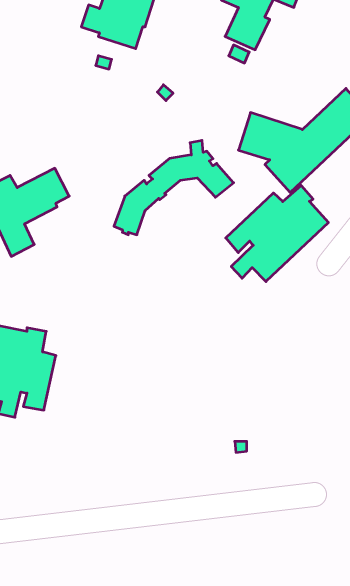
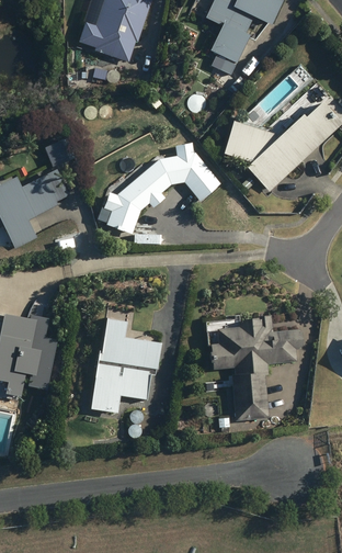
building: [226,185,328,282] -> none
building: none -> [210,314,301,420]
building: none -> [90,317,161,413]

